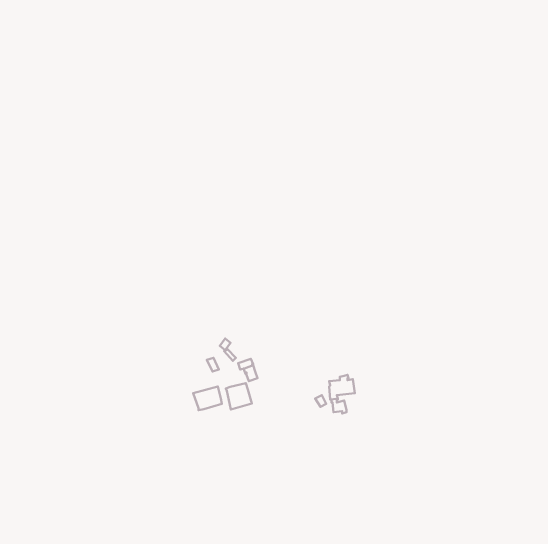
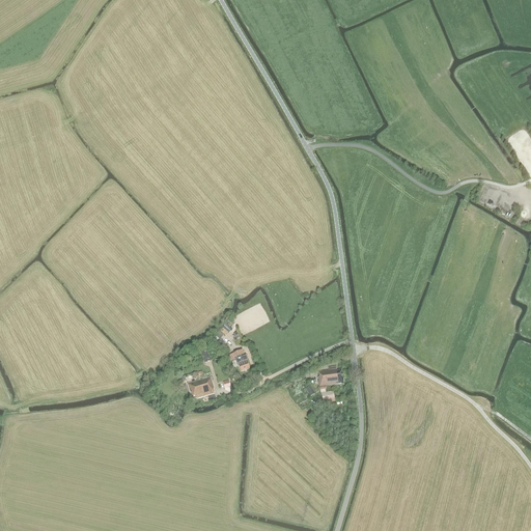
building: [226,383,252,410] -> none

